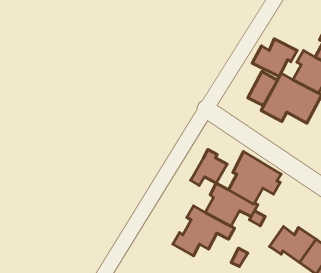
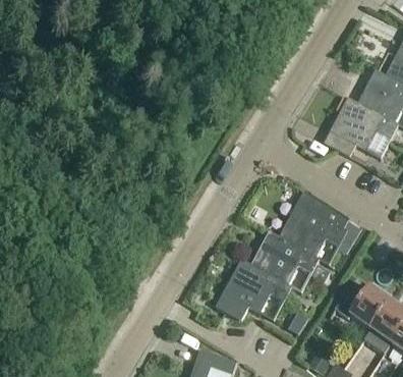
building: [252,39,297,76] -> none
building: [248,71,277,106] -> none
building: [191,150,227,185] -> none

